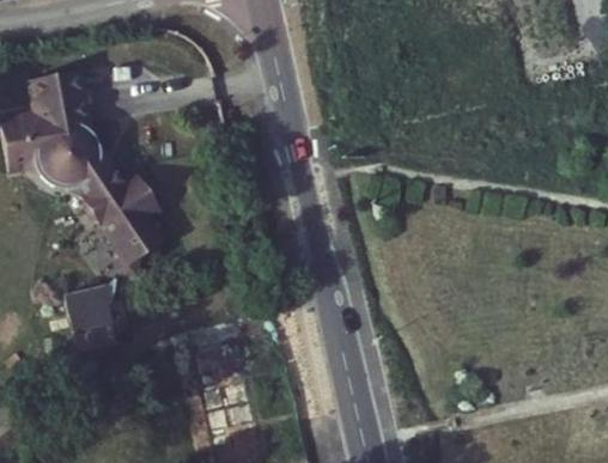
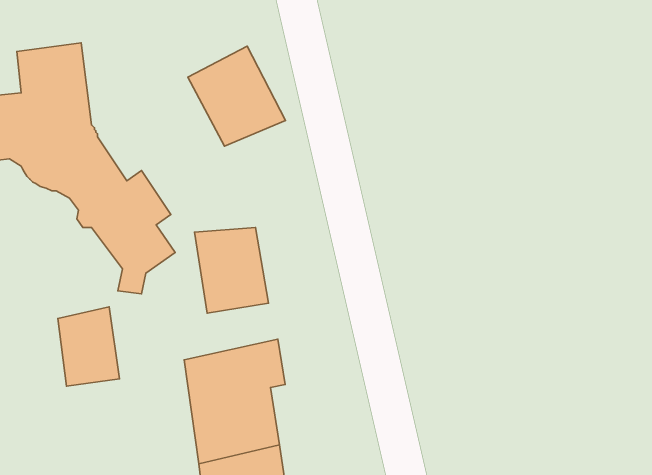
building: none -> [188,46,286,146]
building: none -> [195,228,268,313]

